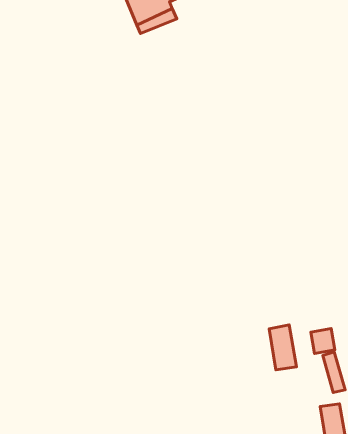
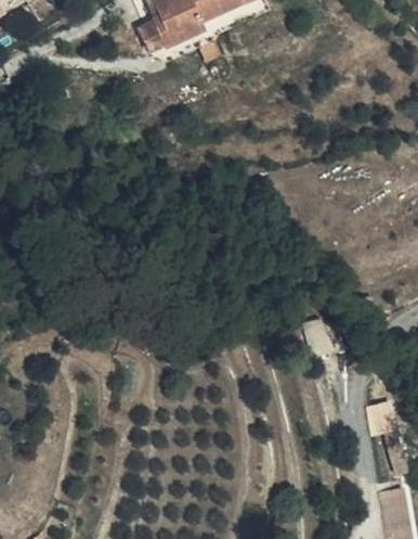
building: [269,325,297,370] -> none

